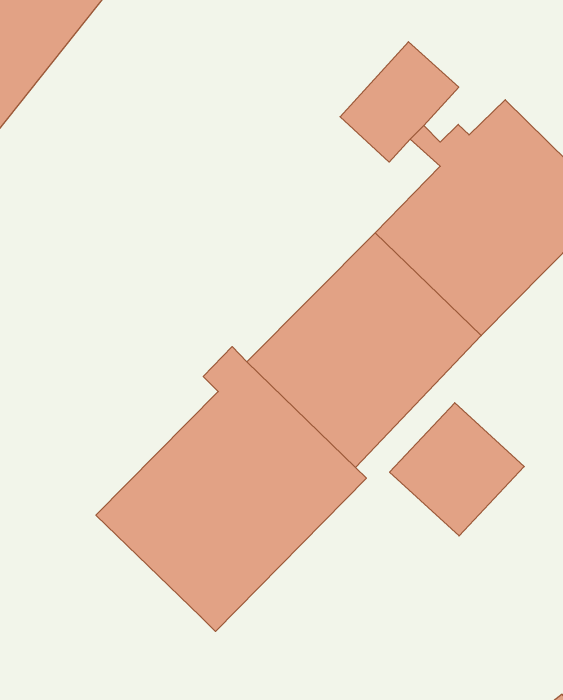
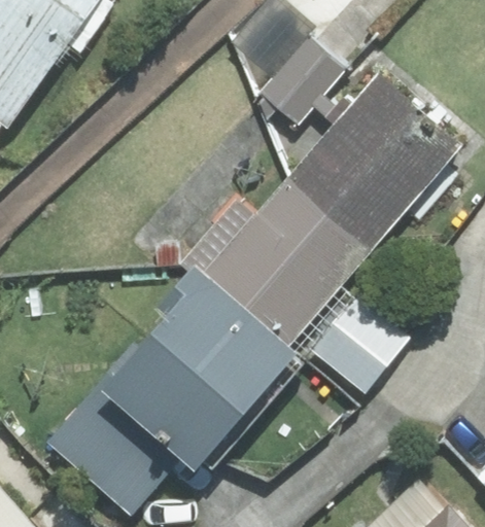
building: none -> [51,389,180,514]

